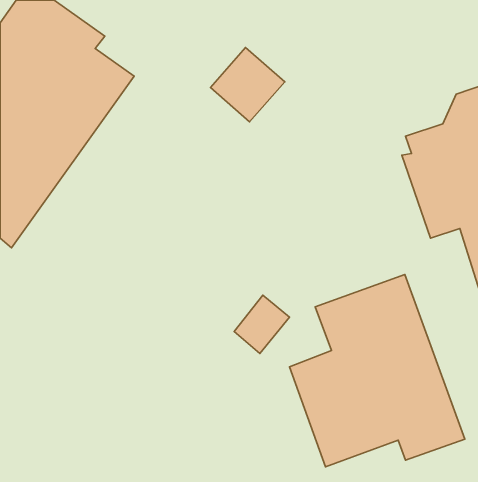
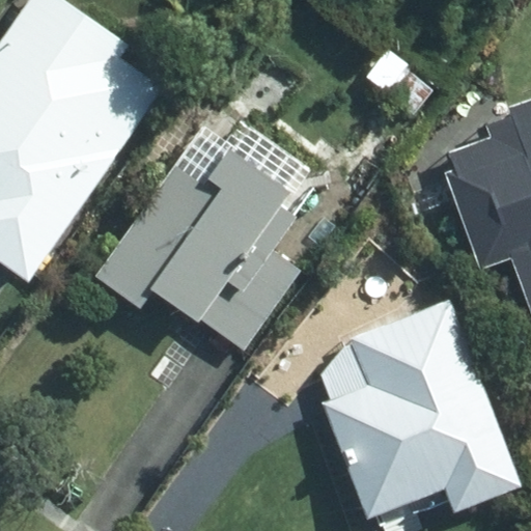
building: none -> [97,150,299,348]

